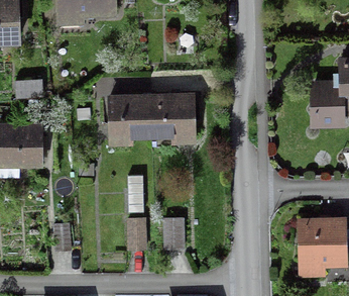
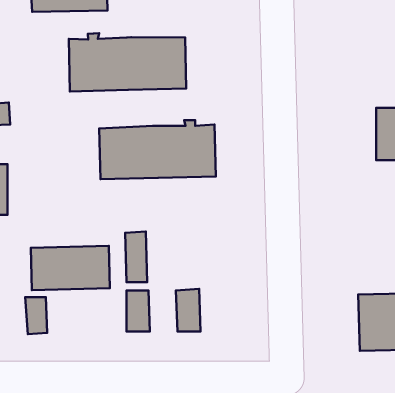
building: none -> [69,33,186,91]
building: none -> [31,246,110,290]

